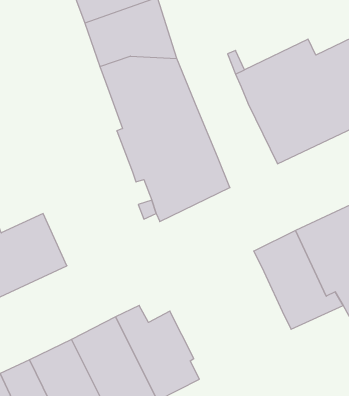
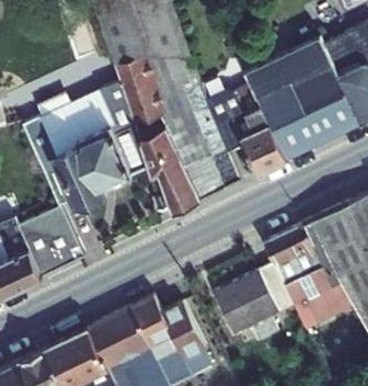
building: none -> [22,83,146,207]
building: none -> [208,86,286,174]
building: none -> [211,264,292,342]

